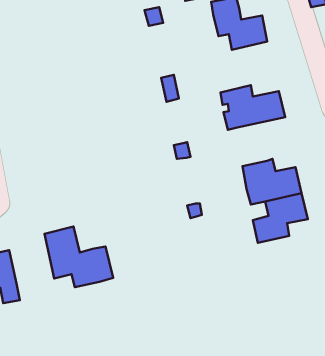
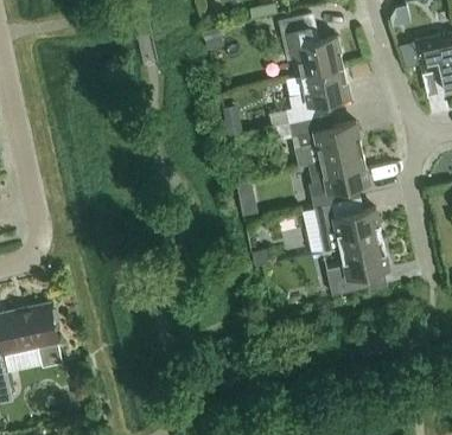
building: none -> [286,66,350,124]
building: none -> [308,153,369,209]
building: [44,226,113,287] -> none

